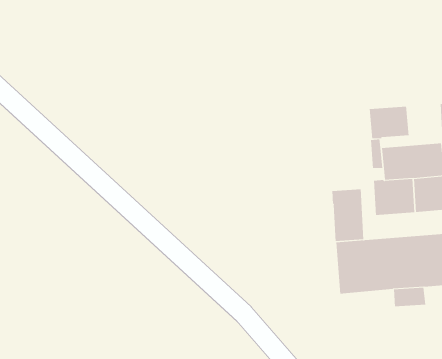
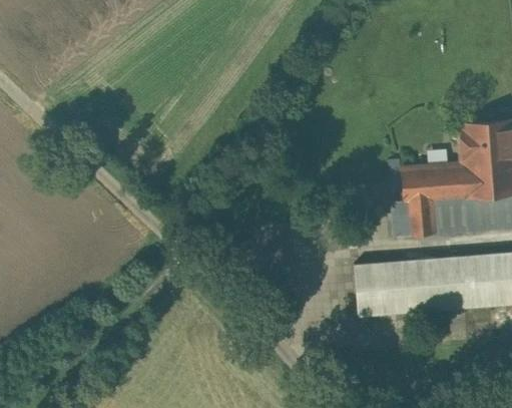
building: [369,106,409,139] -> none
building: [332,189,364,242] -> none

